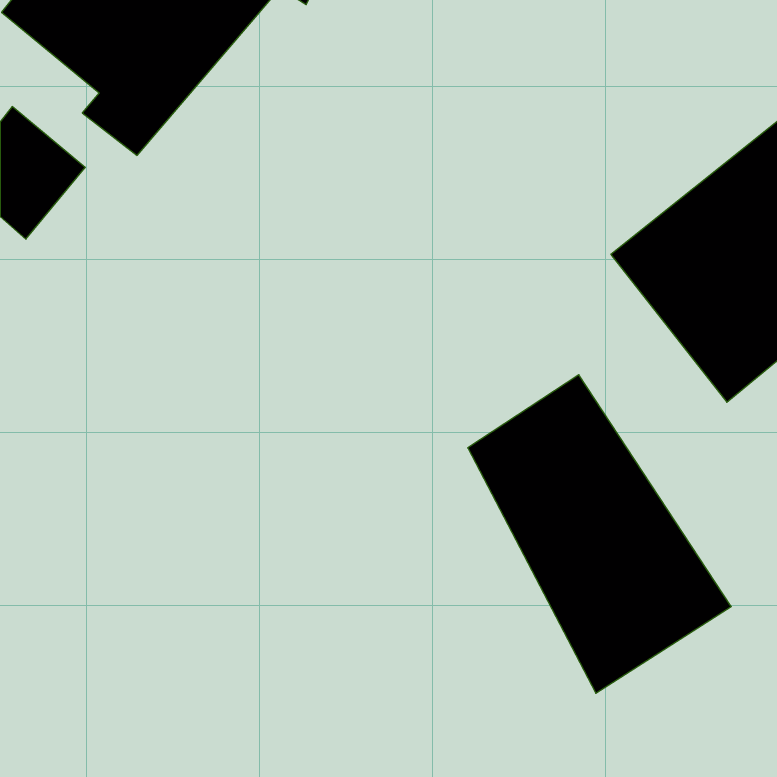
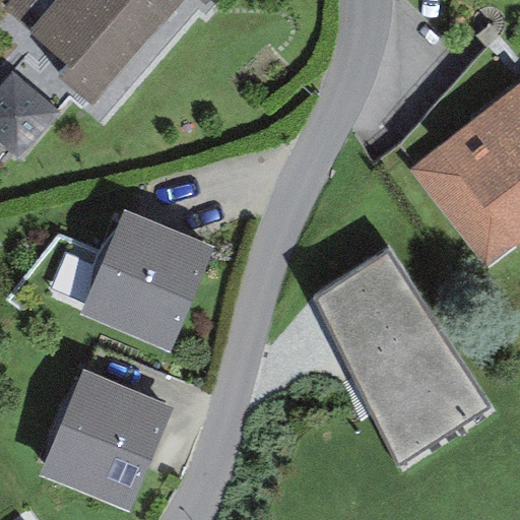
building: none -> [78,208,214,352]
building: none -> [38,368,174,513]

